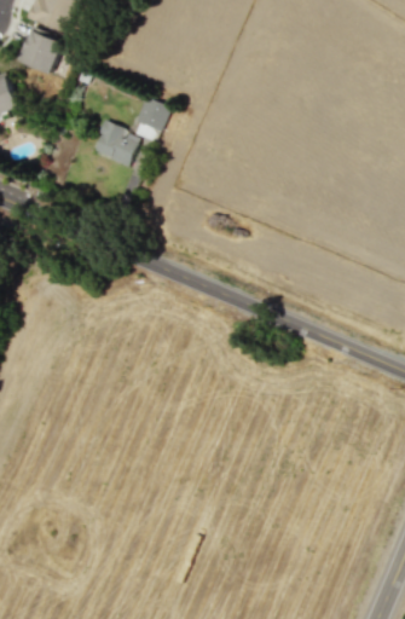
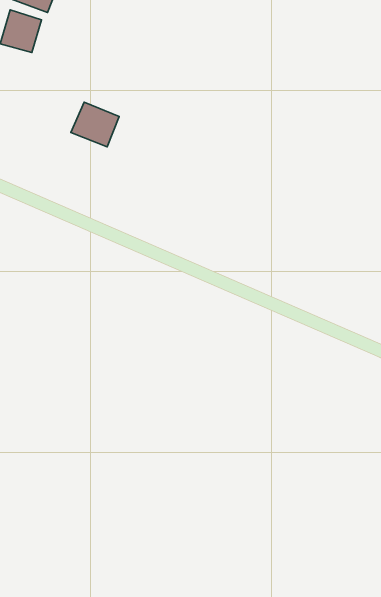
building: [132,100,166,141] -> none

